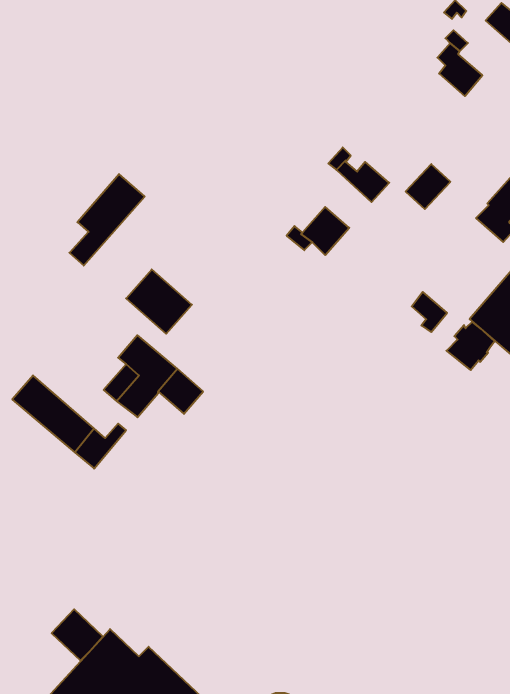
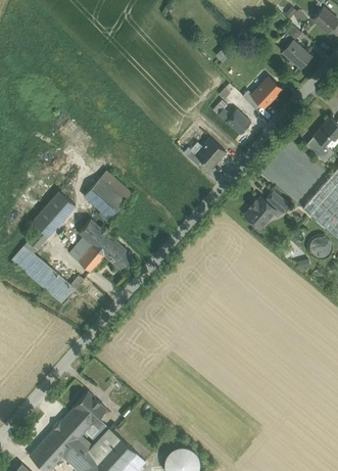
building: [406,164,450,209] -> [253,78,282,106]
building: [69,174,145,266] -> [29,191,77,249]
building: [446,322,495,370] -> [245,197,276,228]
building: [52,609,103,661] -> [75,391,107,424]

